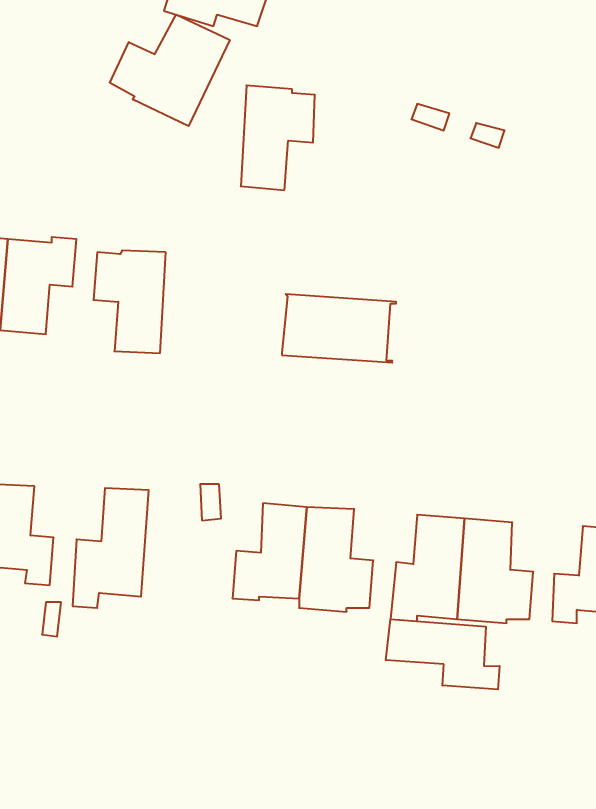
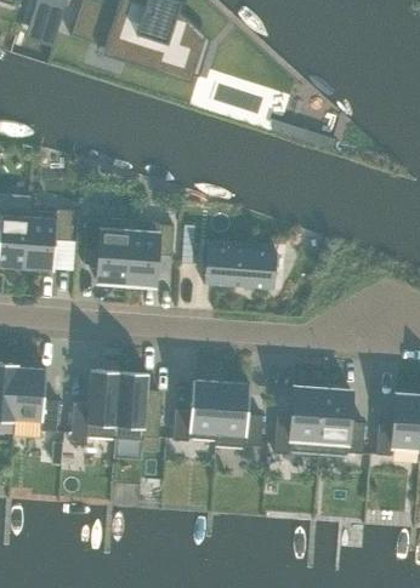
building: [110,15,230,126] -> none
building: [241,85,315,190] -> [125,219,172,286]
building: none -> [113,371,160,441]
building: [386,619,500,689] -> none

